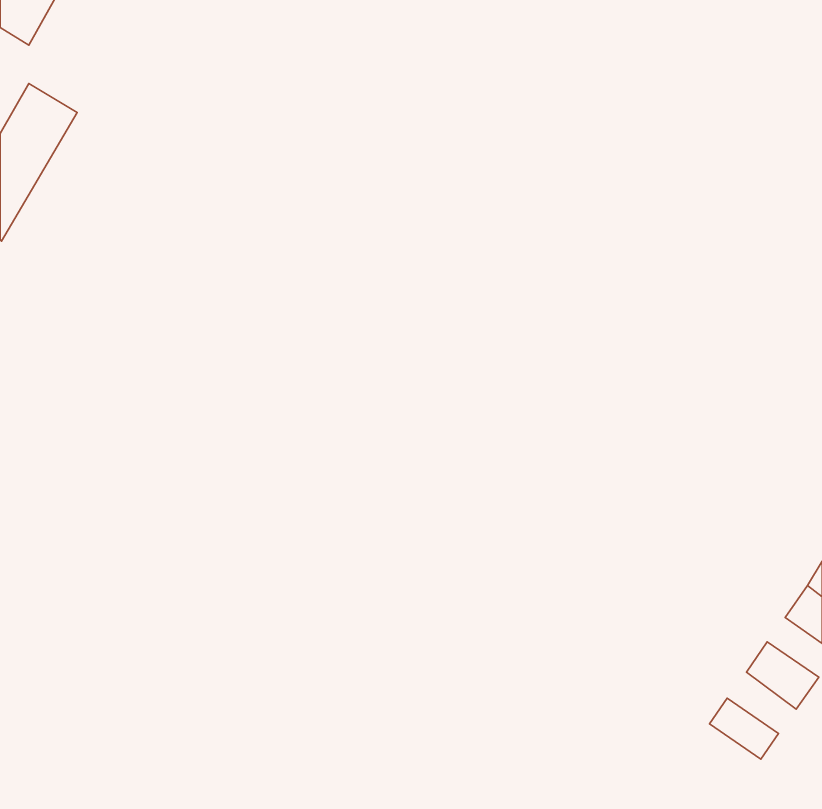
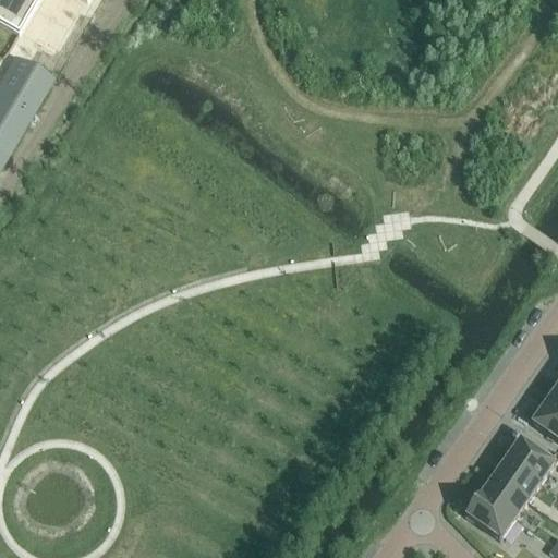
building: none -> [493,456,539,497]
building: none -> [466,490,515,536]

